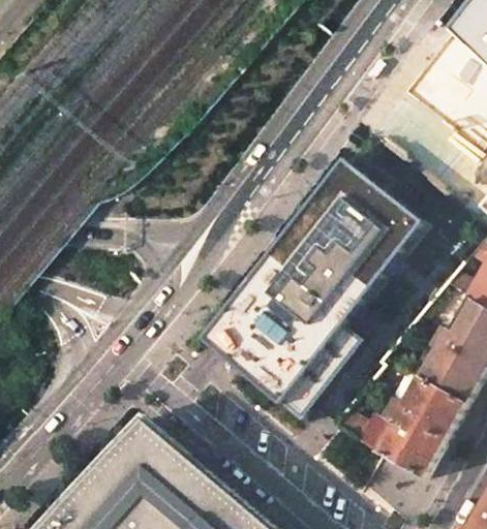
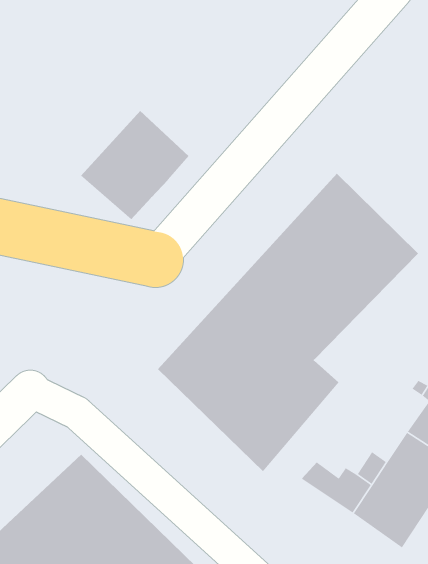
building: none -> [80,110,190,220]

